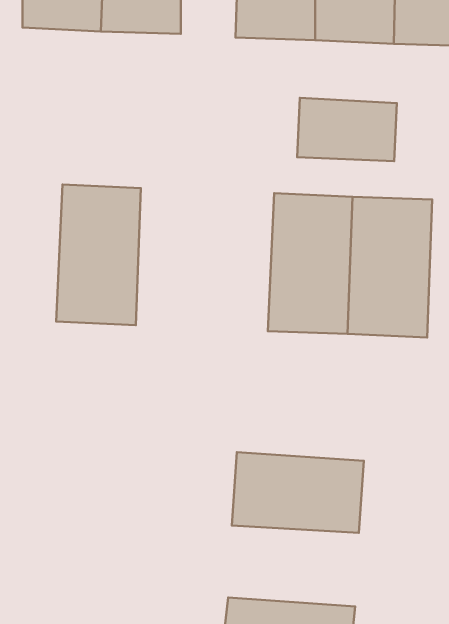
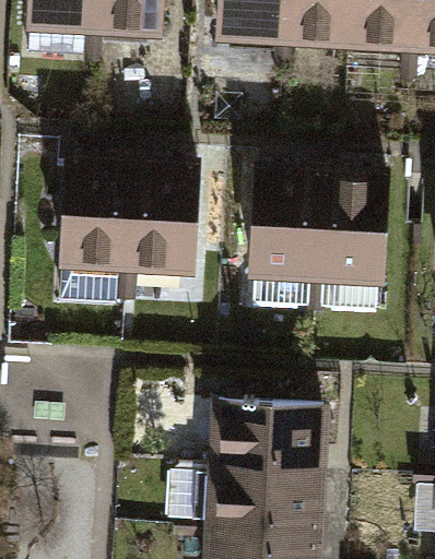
building: [297,98,397,161] -> none
building: none -> [128,169,202,292]
building: none -> [209,465,324,536]

